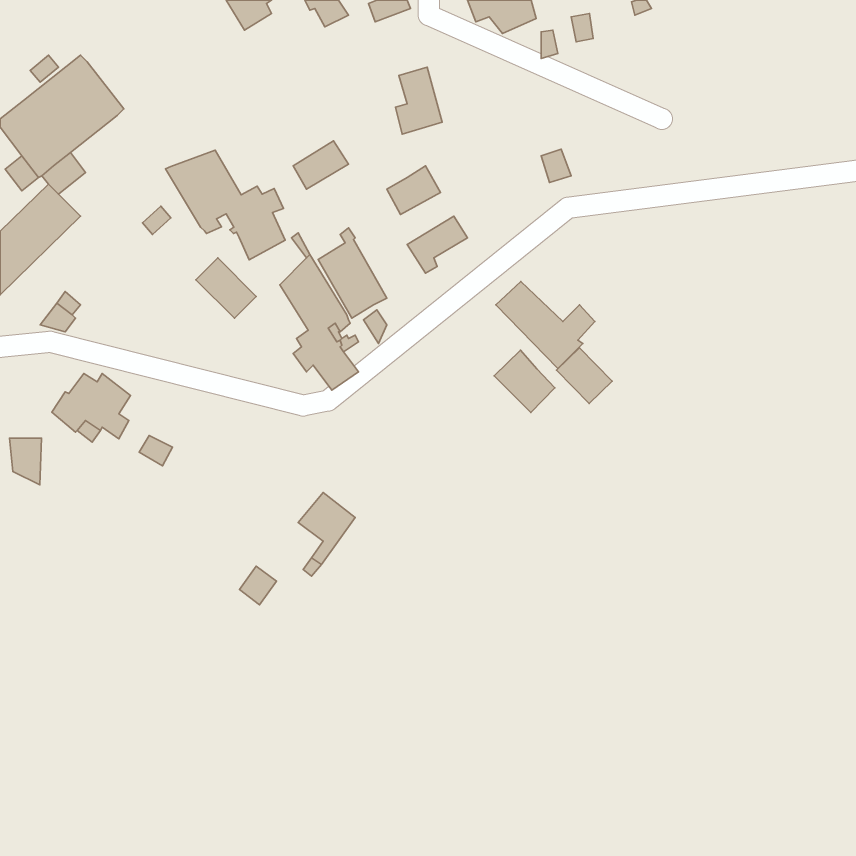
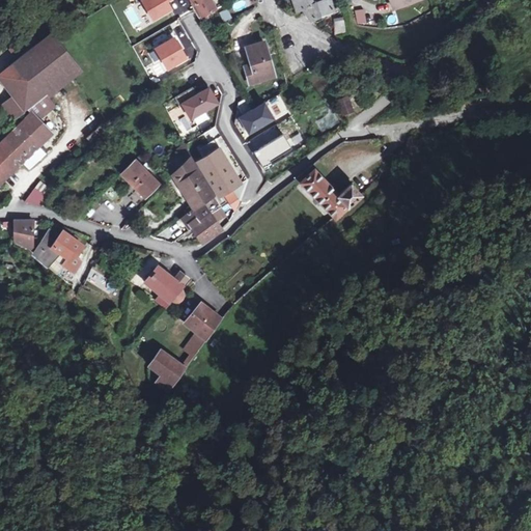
building: none -> [153,37,184,68]
building: [165,150,285,260] -> none
building: [557,348,612,403] -> none
building: [494,350,555,412] -> none
building: none -> [145,268,189,308]
building: [10,438,41,485] -> [13,221,33,250]
building: none -> [156,360,185,390]

